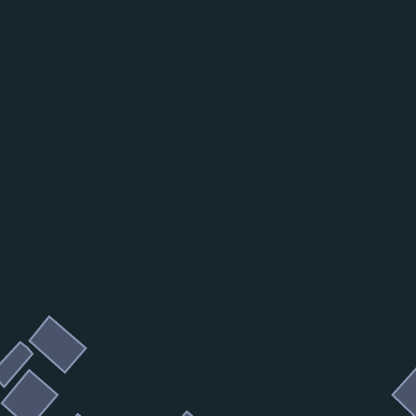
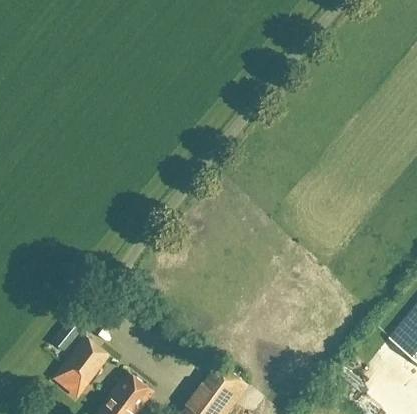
building: [29,317,86,373] -> none

